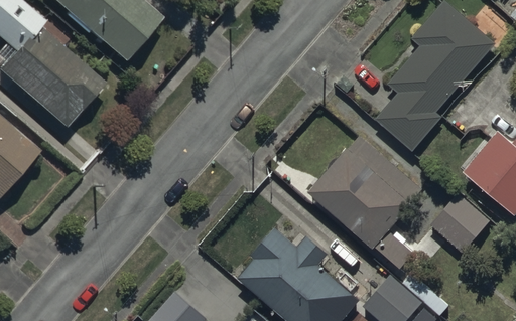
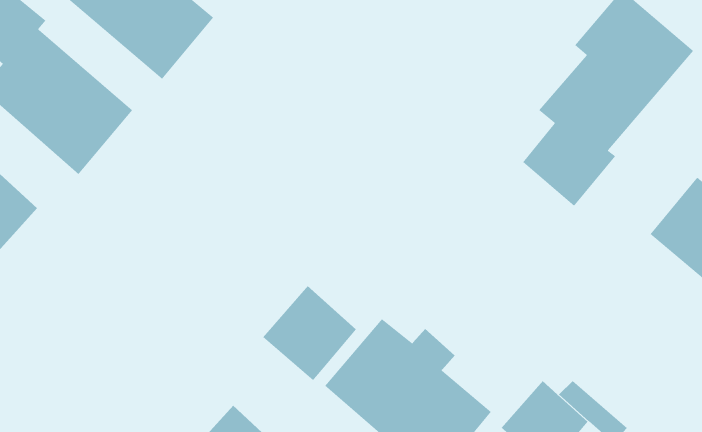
building: [308,134,422,269] -> none
building: [414,192,490,257] -> none
building: none -> [262,285,357,381]

